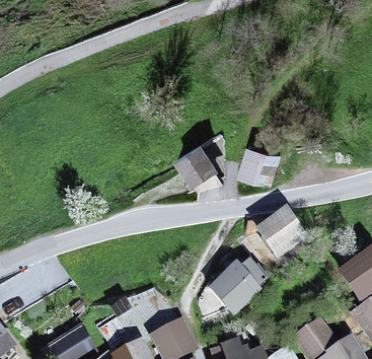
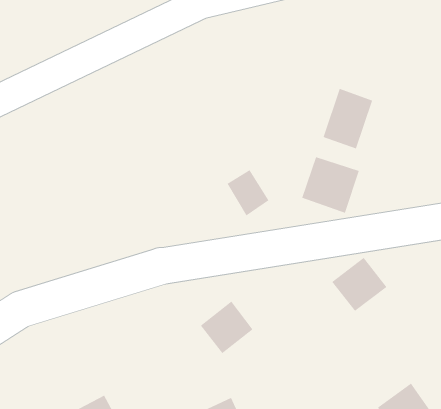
building: none -> [323,88,373,150]
building: [215,265,256,306] -> [200,301,254,354]

